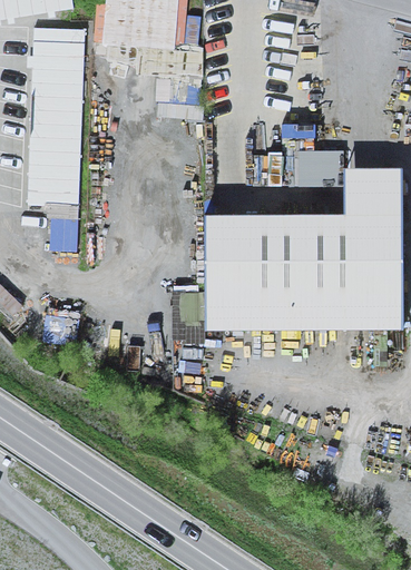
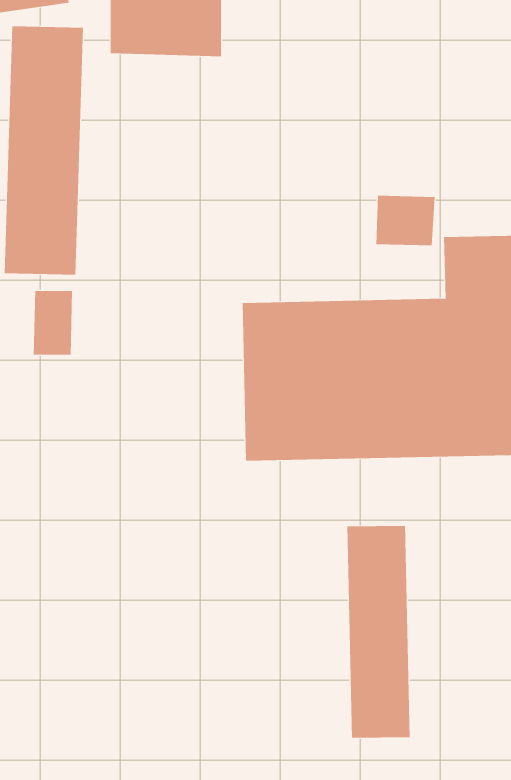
building: none -> [347,525,410,739]

